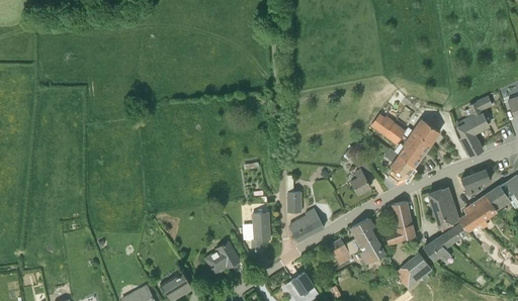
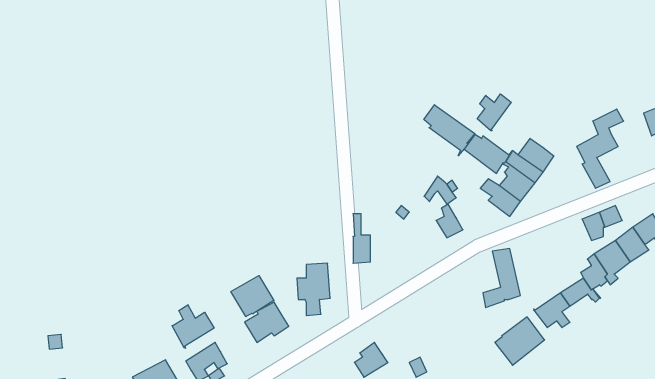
building: none -> [477,94,511,131]
building: none -> [424,105,475,156]
building: [429,189,458,227] -> none
building: [289,215,316,241] -> none
building: [329,217,385,265] -> none
building: none -> [231,276,274,317]
building: none -> [172,305,214,348]

